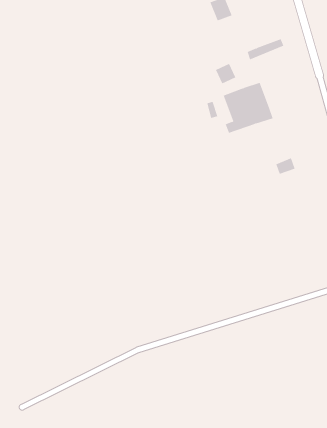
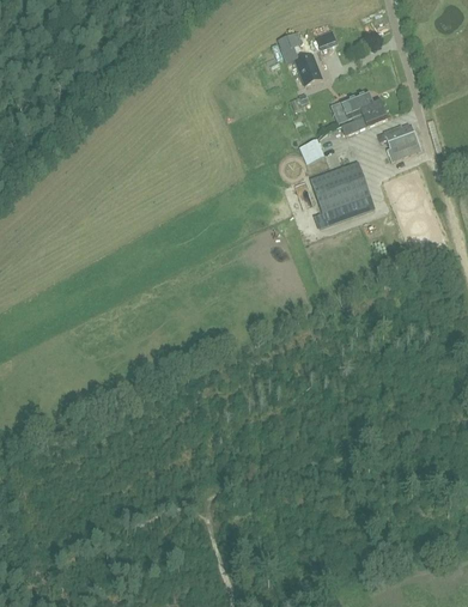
building: none -> [341,90,383,119]
building: none -> [376,121,419,159]

